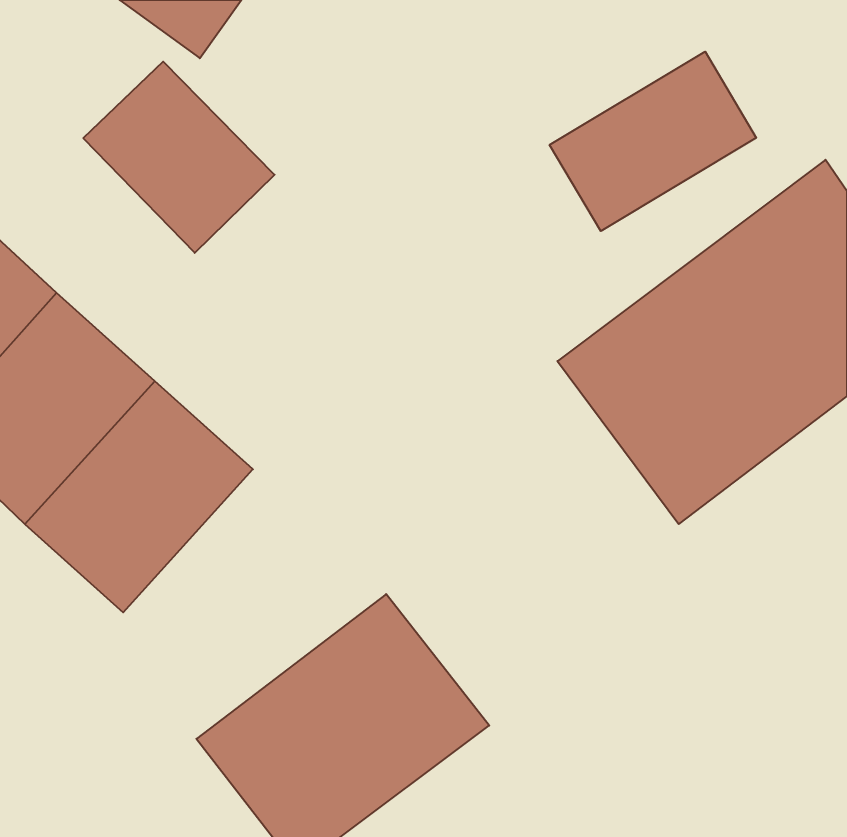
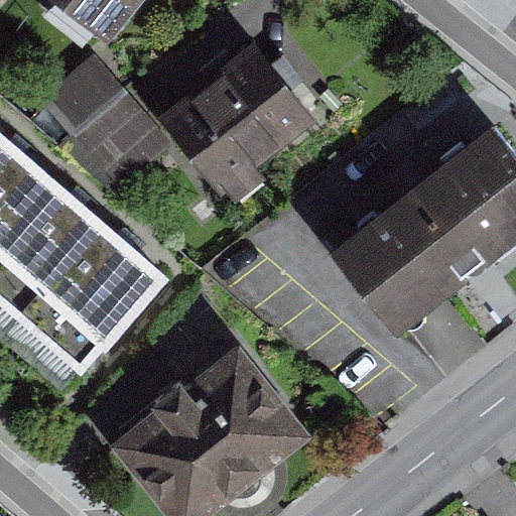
building: [550,52,756,231] -> none
building: none -> [182,50,322,179]

